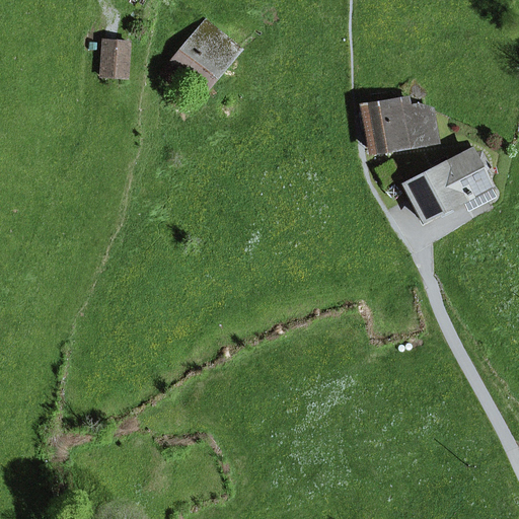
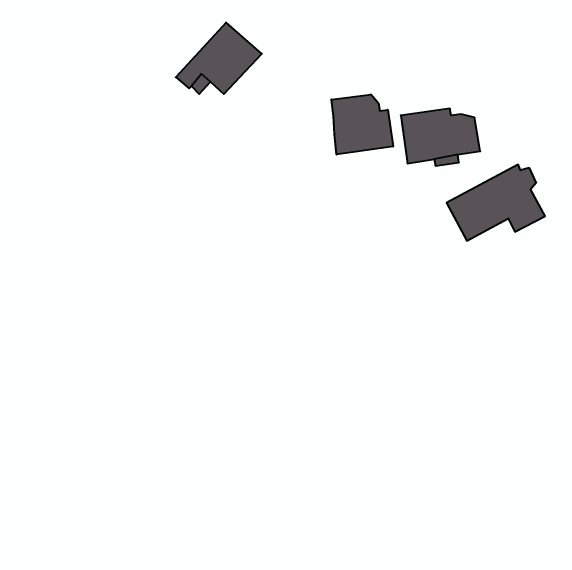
building: [100,40,127,76] -> none
building: none -> [331,94,393,155]

